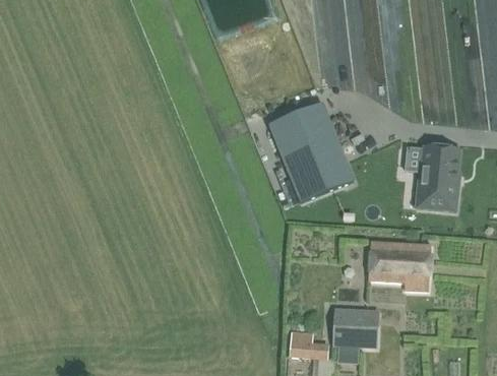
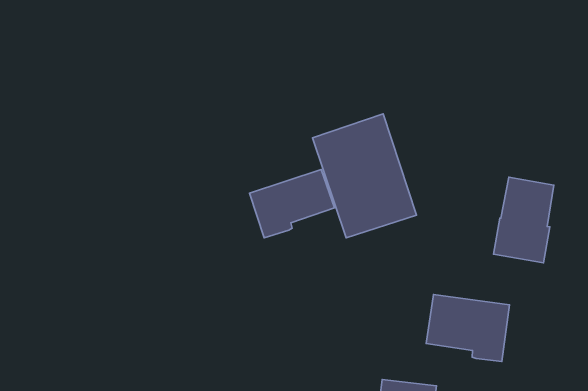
building: none -> [249,169,335,238]

